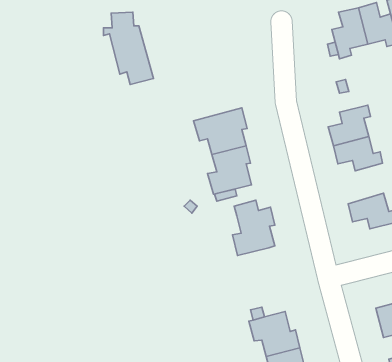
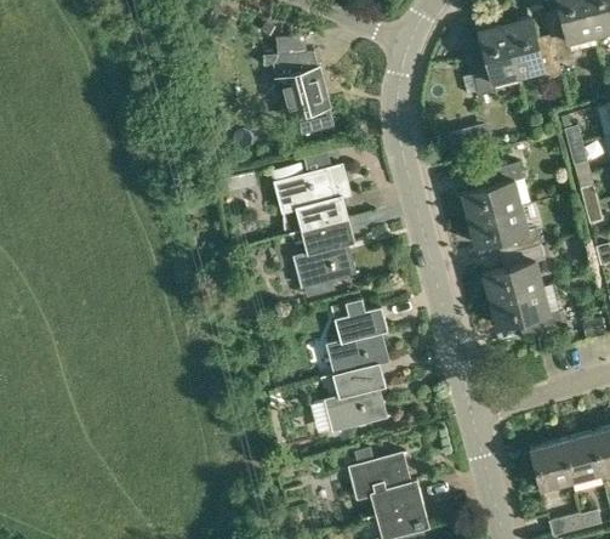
building: [104,12,154,85] -> [264,34,335,136]
building: none -> [484,244,545,301]
building: none -> [326,363,386,444]

